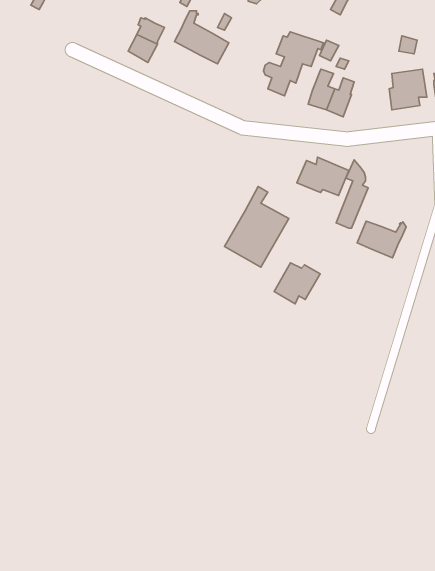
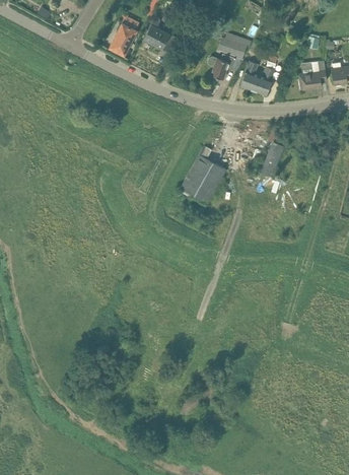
building: [297,157,349,196] -> none
building: [357,221,406,258] -> none
building: [274,263,320,304] -> none

